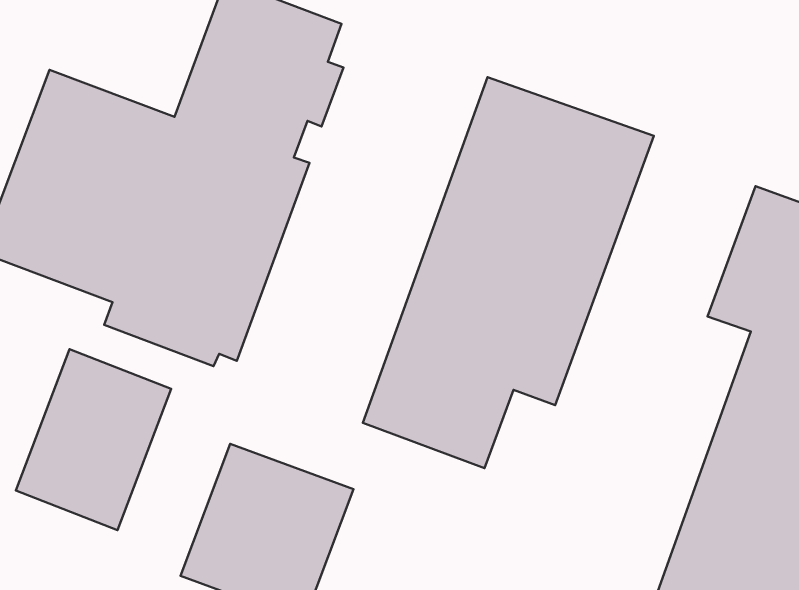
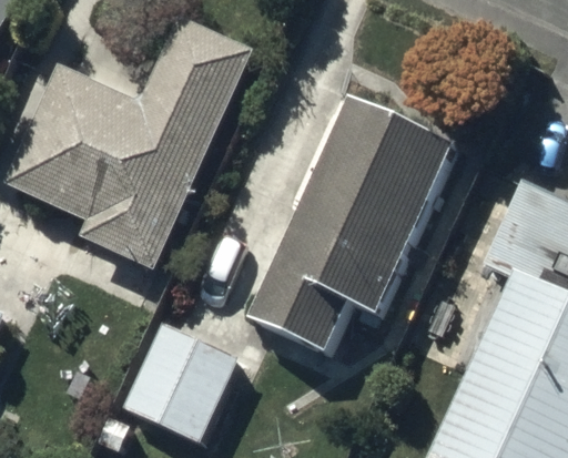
building: [16,349,171,530] -> none

